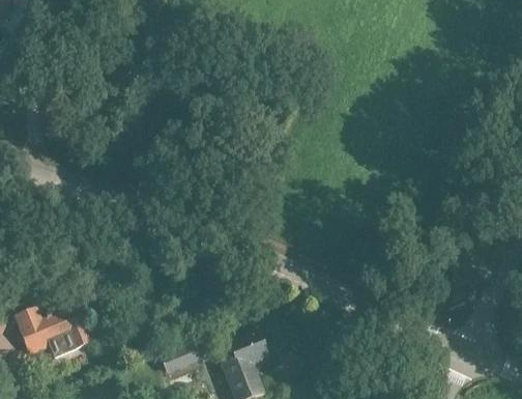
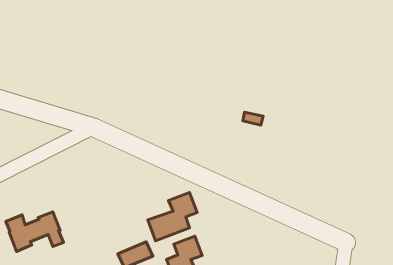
building: none -> [148,192,197,241]

